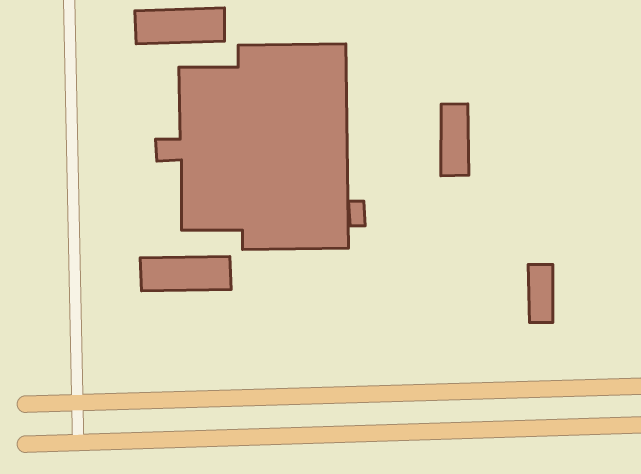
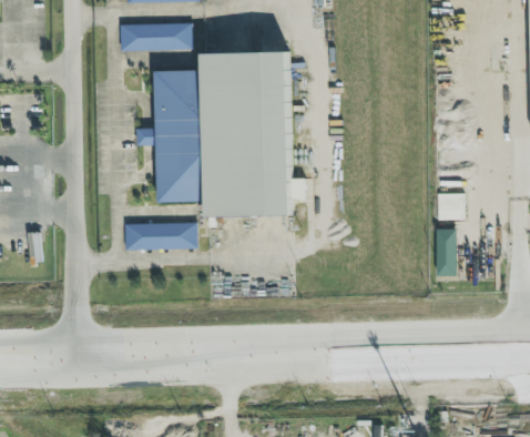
building: [441,104,469,176] -> none
building: none -> [436,193,462,220]

